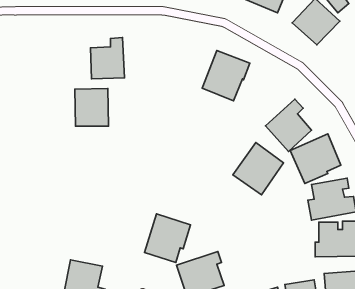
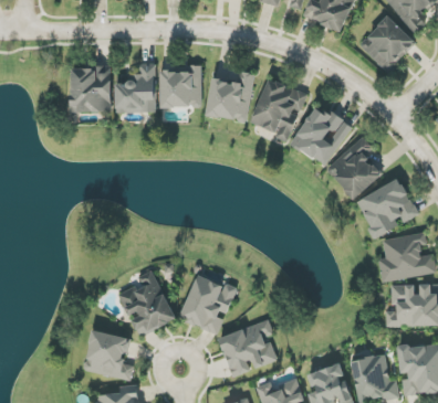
building: none -> [159,65,201,107]
building: none -> [206,72,254,121]
building: [75,88,109,126] -> [70,66,111,112]
building: [233,143,283,195] -> [290,104,351,167]
building: none -> [118,269,175,337]

